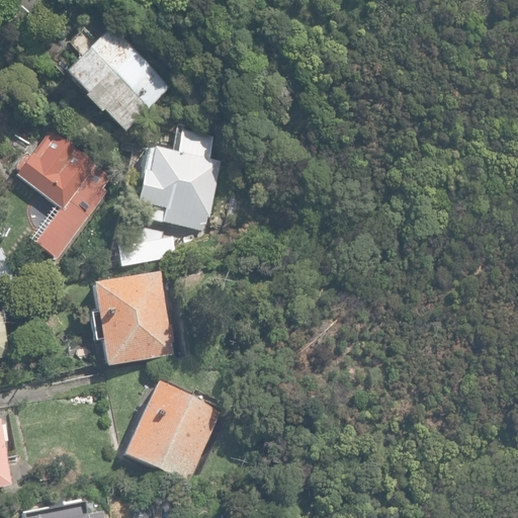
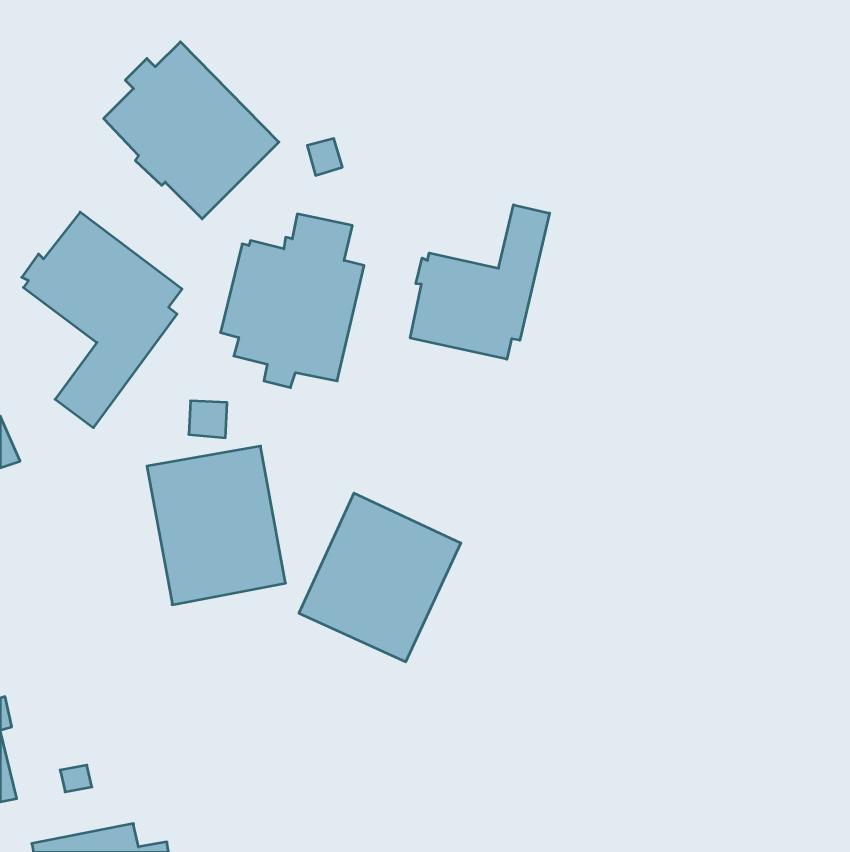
building: none -> [410,205,550,359]
building: [122,380,221,483] -> [299,493,461,662]

